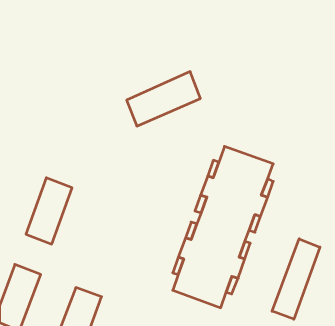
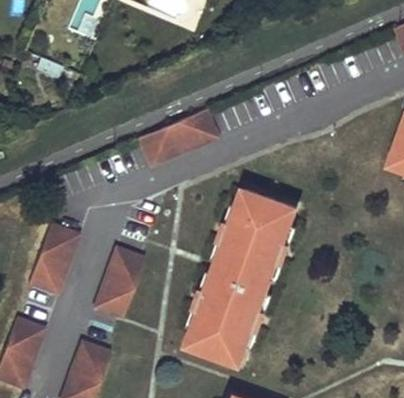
building: none -> [95,248,145,319]
building: [272,239,320,319] -> none

